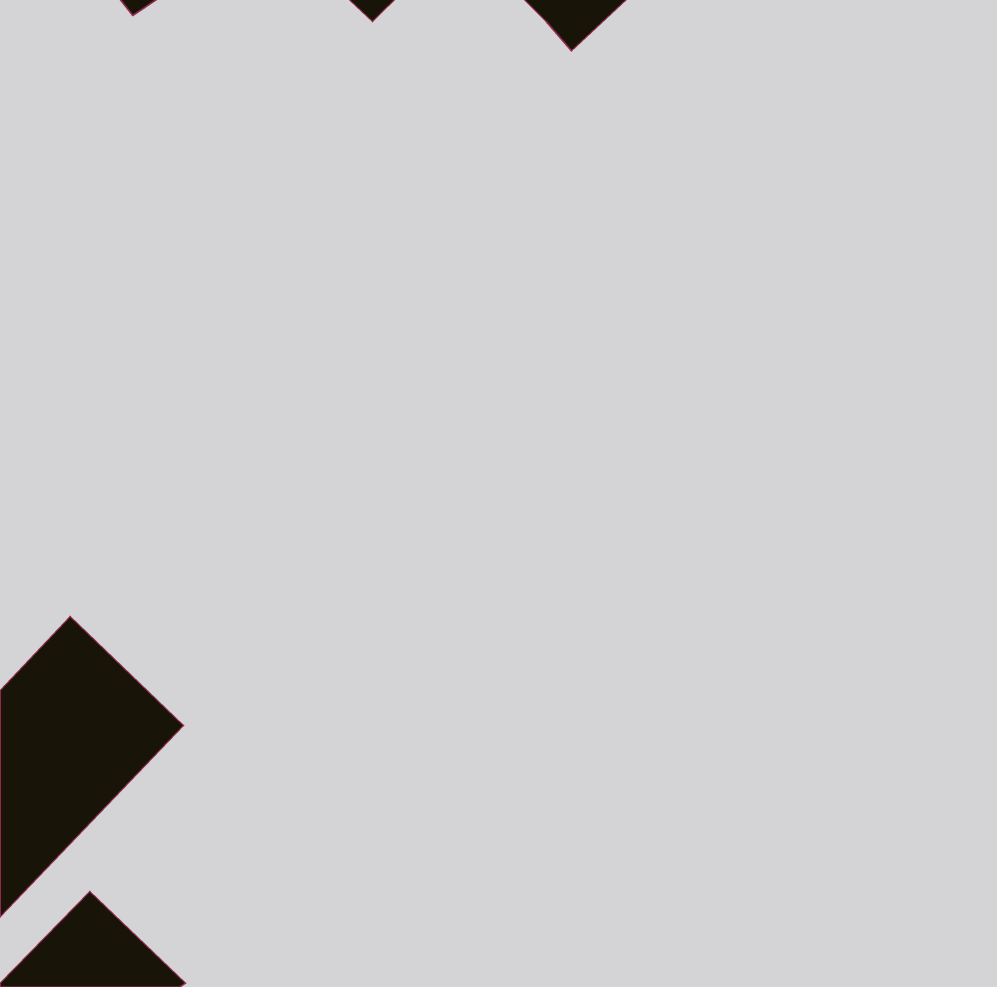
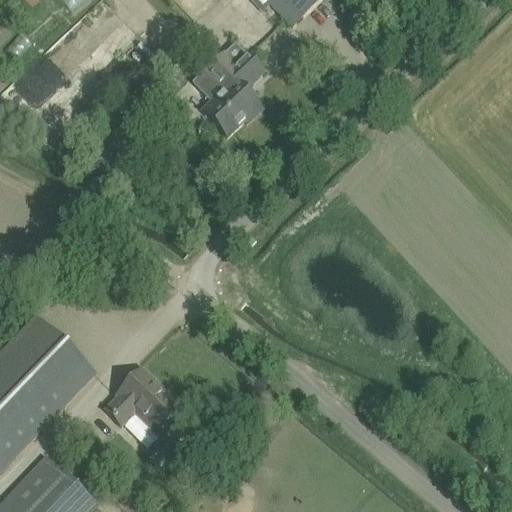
building: none -> [192,42,264,137]
building: none -> [106,369,181,431]

